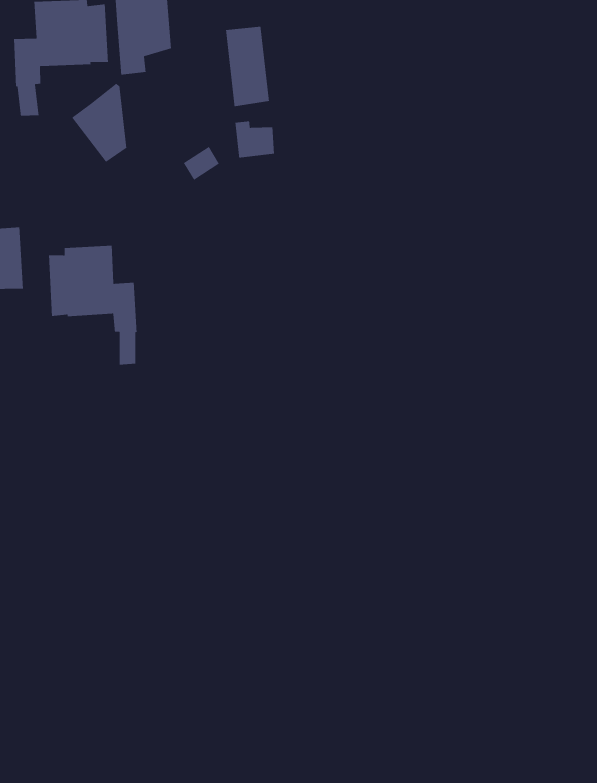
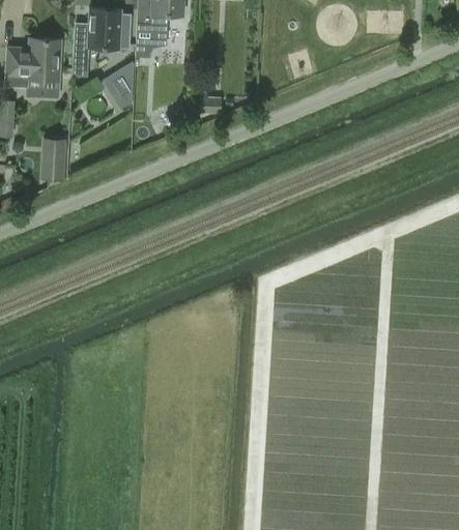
building: [225,26,270,107] -> none
building: [48,245,138,366] -> none

